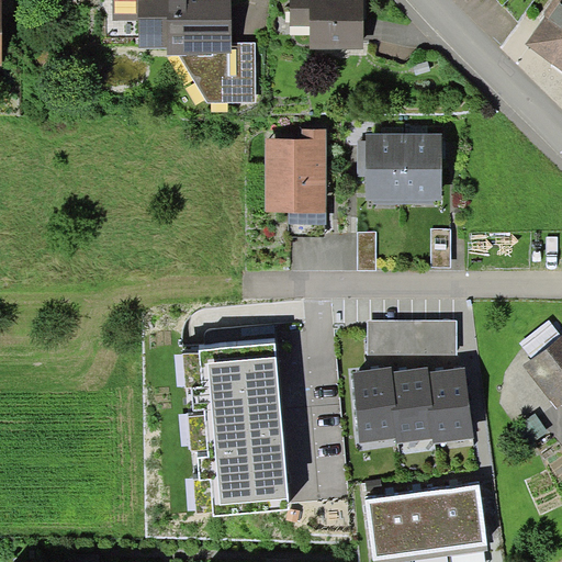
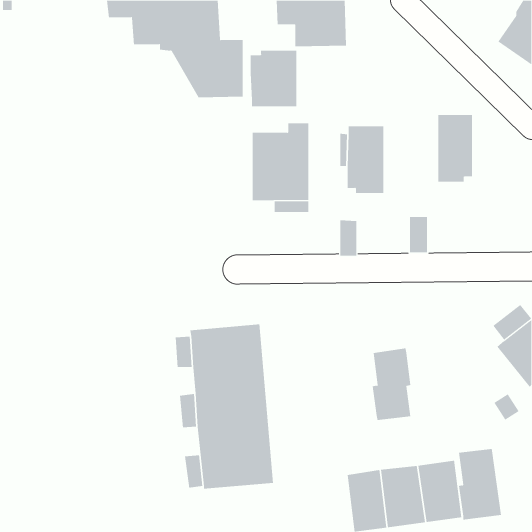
building: none -> [250,50,297,107]
building: [405,133,442,204] -> [438,114,473,182]
building: [368,319,457,355] -> none
building: [351,367,397,443] -> none
building: [429,368,475,443] -> [458,448,502,520]

